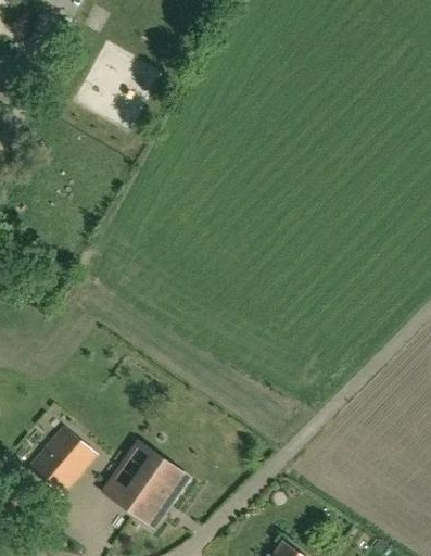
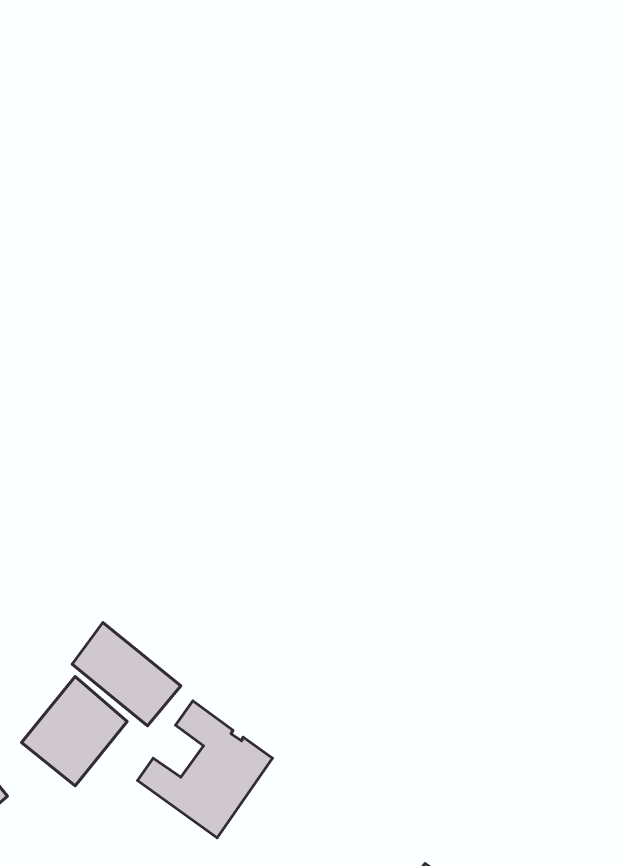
building: none -> [72,622,181,726]

